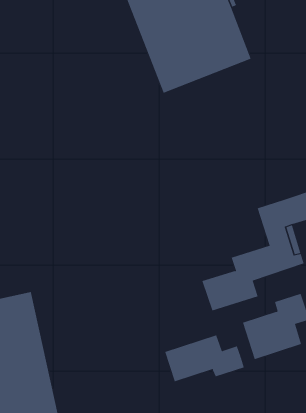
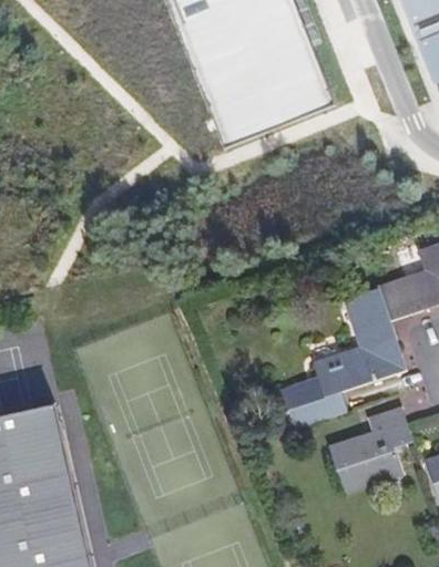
building: [164,334,245,382] -> none

